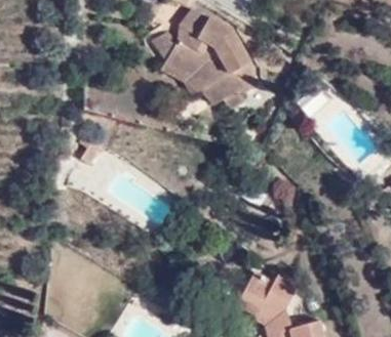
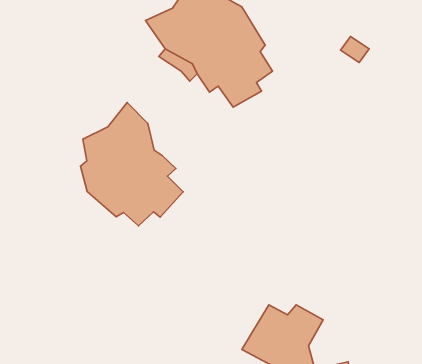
building: none -> [81,103,183,226]

